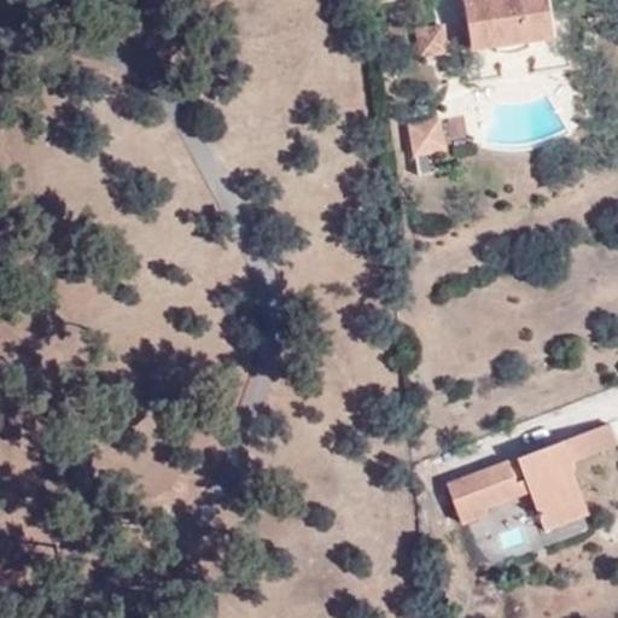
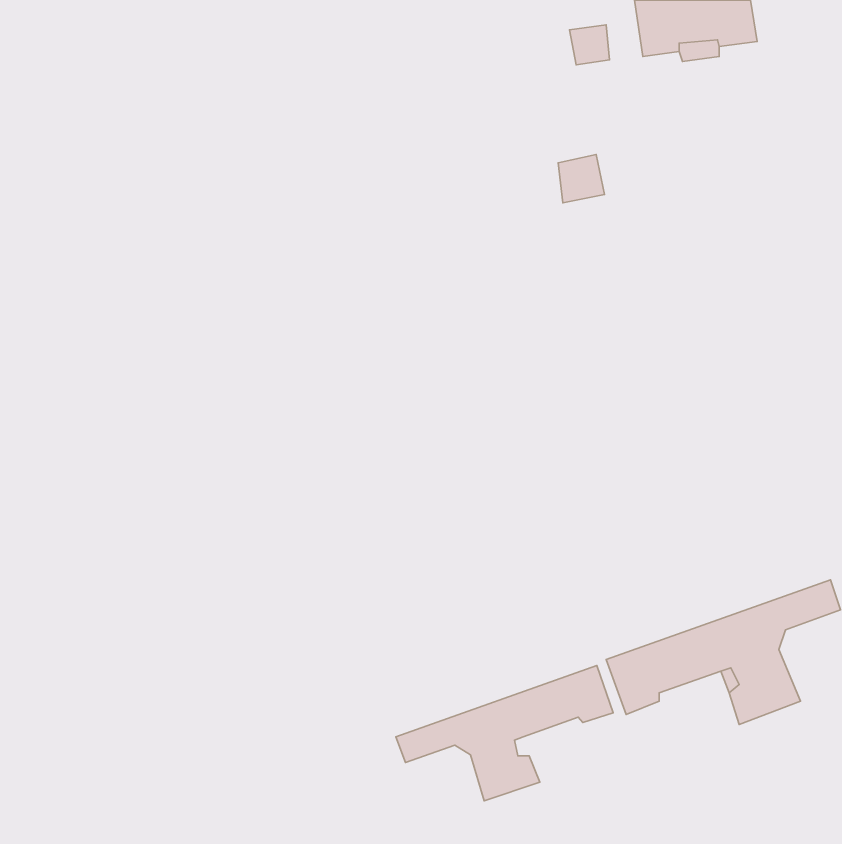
building: none -> [396,666,613,801]

